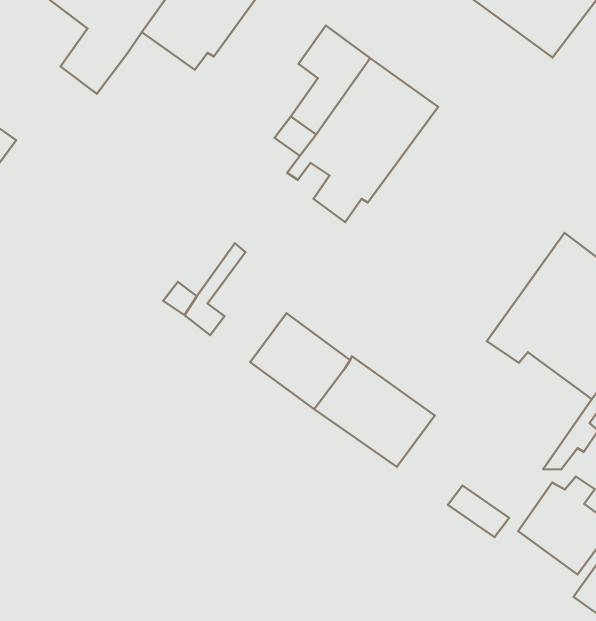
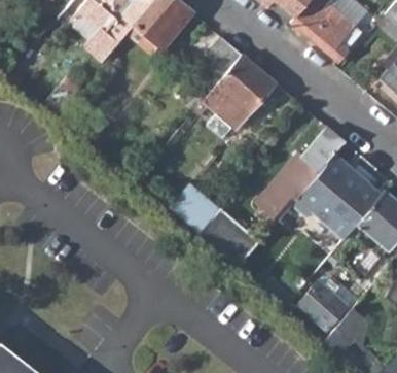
building: none -> [259,127,345,219]

